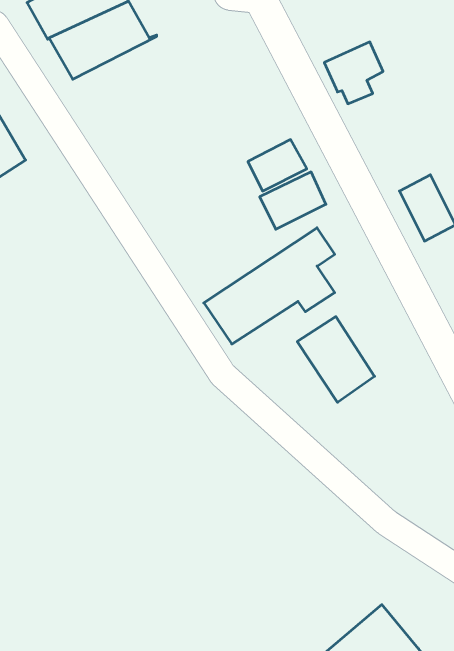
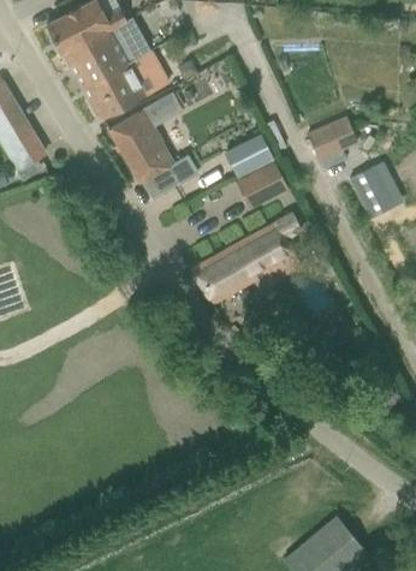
building: none -> [83,52,167,119]
building: [324,42,383,104] -> [309,119,357,169]
building: none -> [108,93,197,200]
building: [297,317,375,402] -> none

